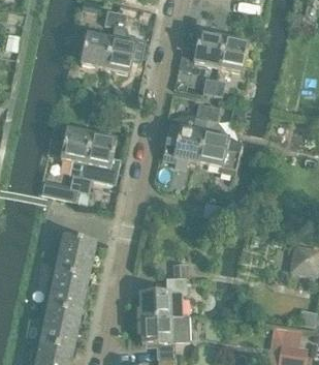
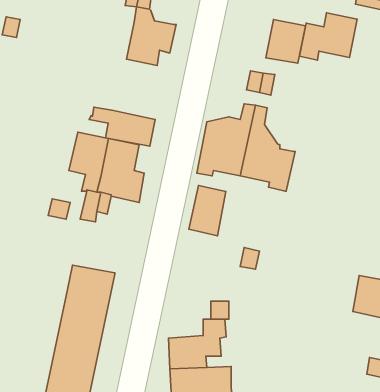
building: [178,30,224,68] -> [300,13,357,60]
building: [79,32,111,67] -> none
building: none -> [89,107,155,146]
building: none -> [189,185,226,236]

